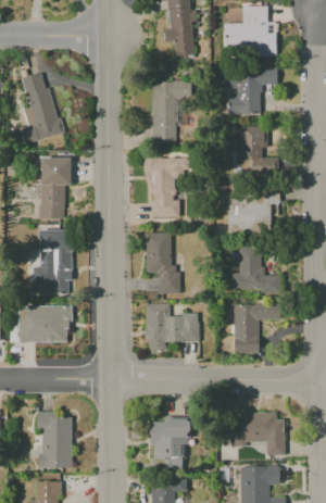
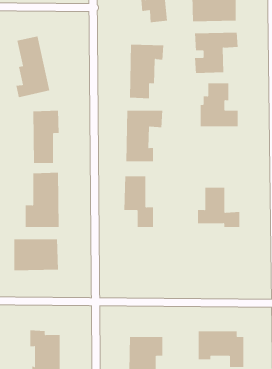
building: [227,193,279,235] -> none
building: [147,304,198,352] -> none
building: [234,304,281,354] -> none

